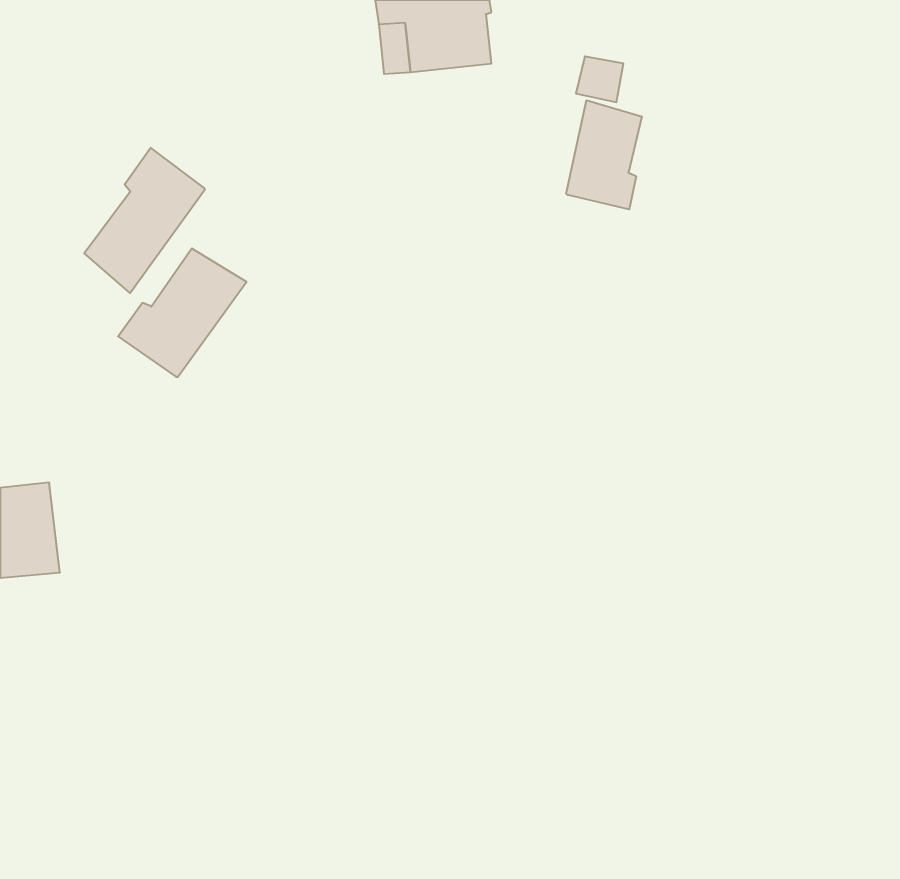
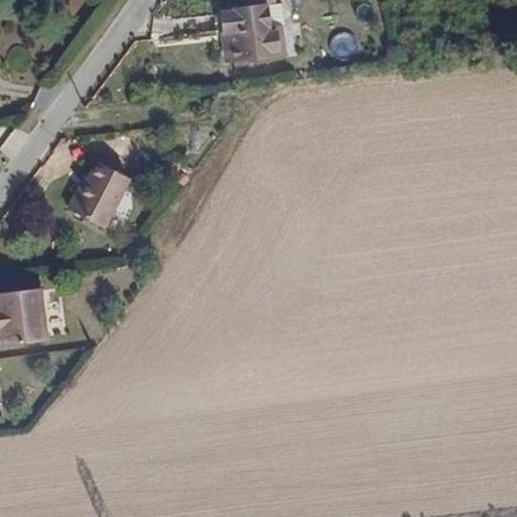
building: [566,100,642,209] -> none
building: [84,148,205,293] -> none

